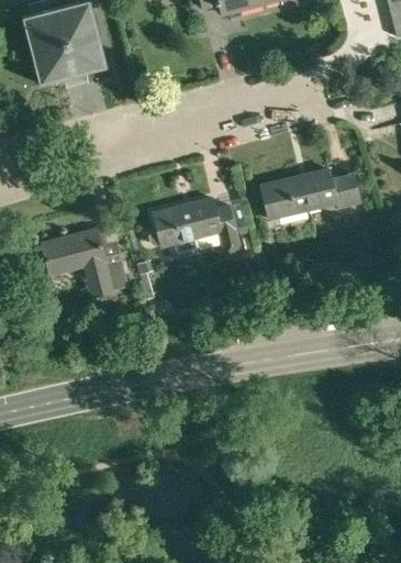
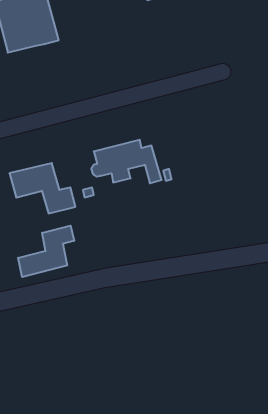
building: [260,168,359,218] -> none
building: none -> [18,226,74,277]

